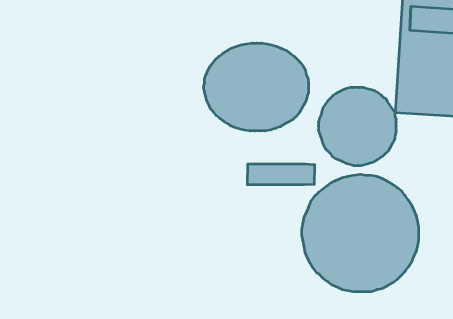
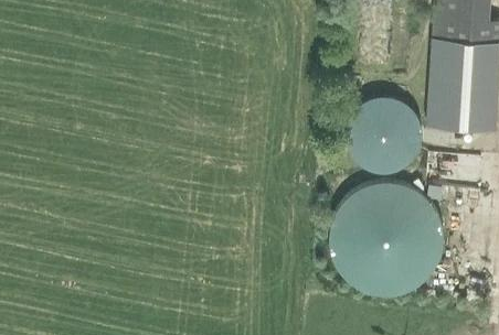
building: [204,43,308,131] -> none
building: [247,164,315,185] -> none

